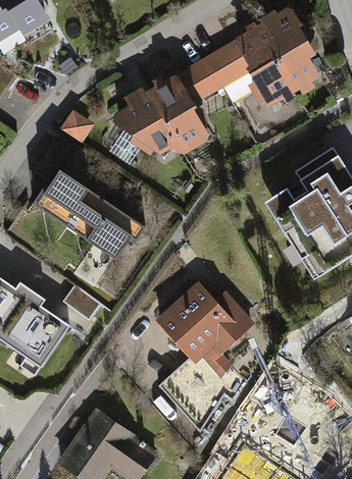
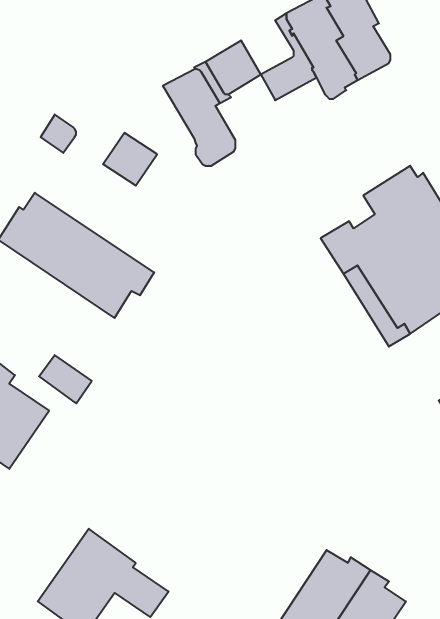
building: [207,46,245,85] -> none
building: [119,93,175,150] -> none
building: [158,285,251,432] -> none

